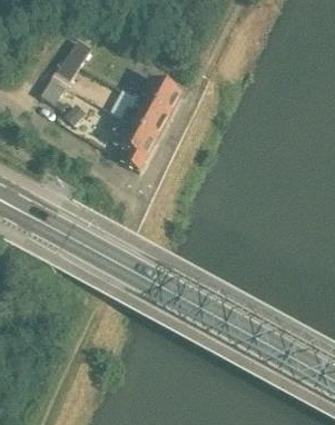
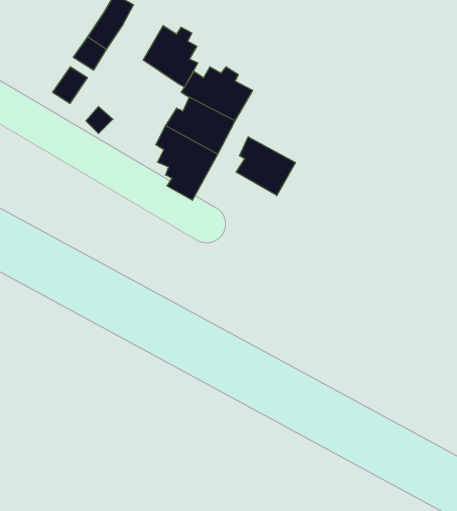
building: none -> [143,26,198,87]
building: none -> [236,137,295,196]

